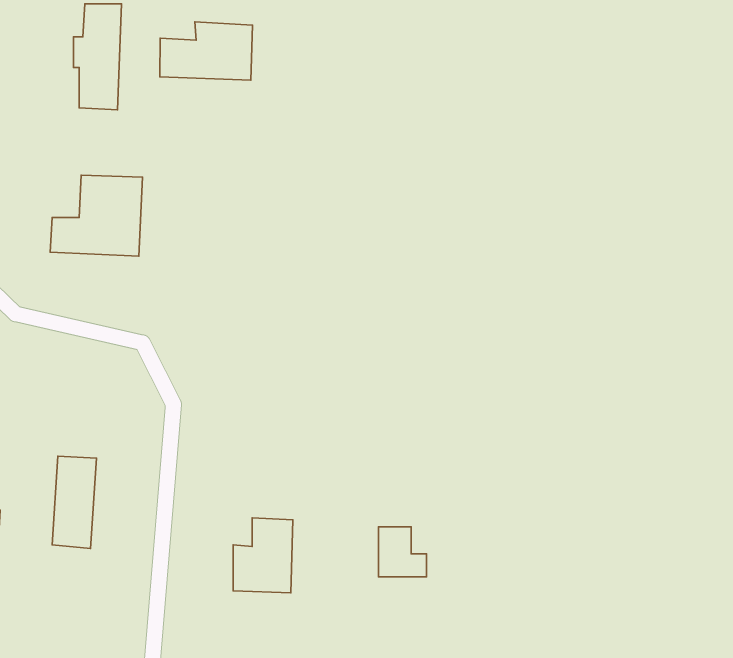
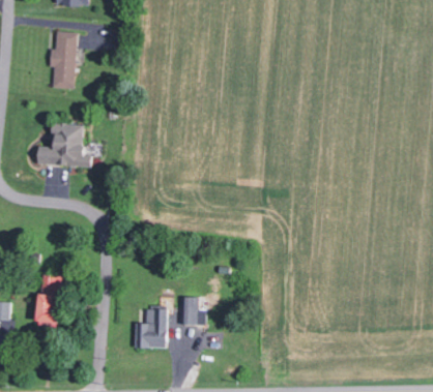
building: [160,22,252,80] -> none
building: [379,527,427,577] -> [179,297,205,324]

